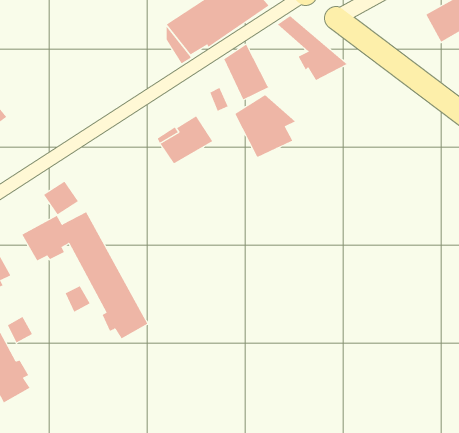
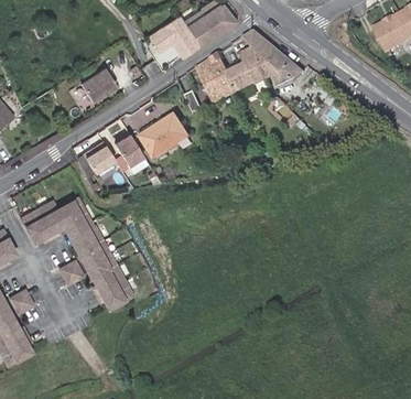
building: none -> [82,69,118,104]
building: [234,95,296,157] -> [217,37,270,91]
building: none -> [115,136,144,168]
building: [43,181,79,215] -> [84,143,115,173]

